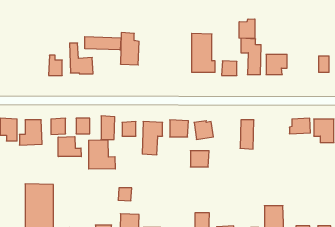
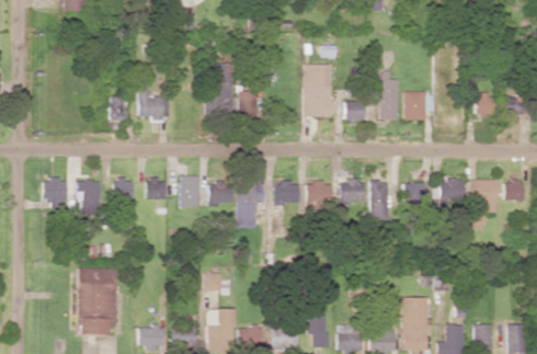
building: [239,19,255,38] -> none
building: [85,37,121,50] -> none
building: none -> [238,90,258,121]
building: none -> [403,182,425,203]
building: [58,137,81,157] -> none
building: [89,140,115,169] -> none
building: [190,151,209,167] -> [340,181,365,203]

